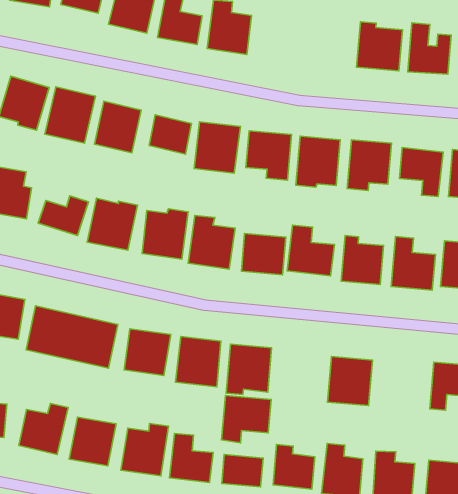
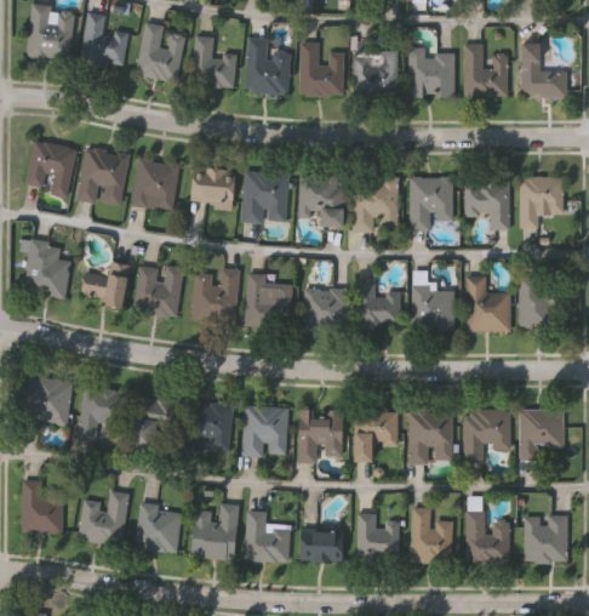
building: none -> [299,41,344,95]
building: none -> [356,51,398,95]
building: none -> [463,409,511,462]
building: [222,396,271,443] -> [355,411,405,461]

